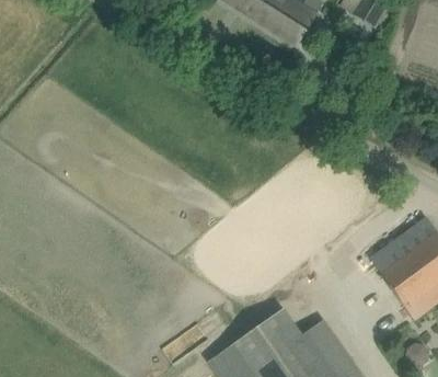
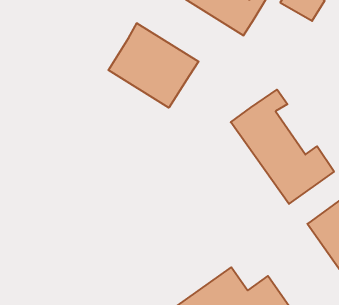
building: none -> [108,23,199,108]
building: none -> [231,90,334,204]

